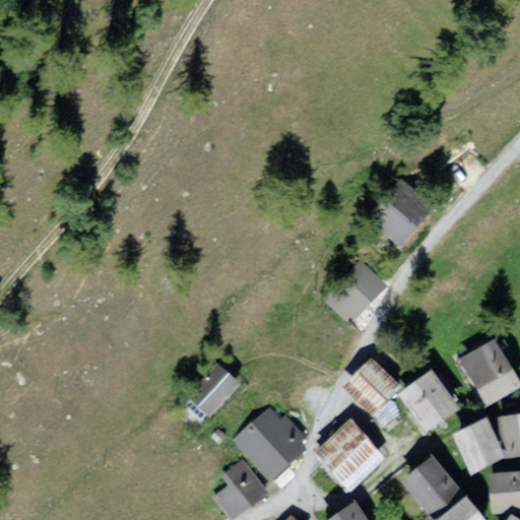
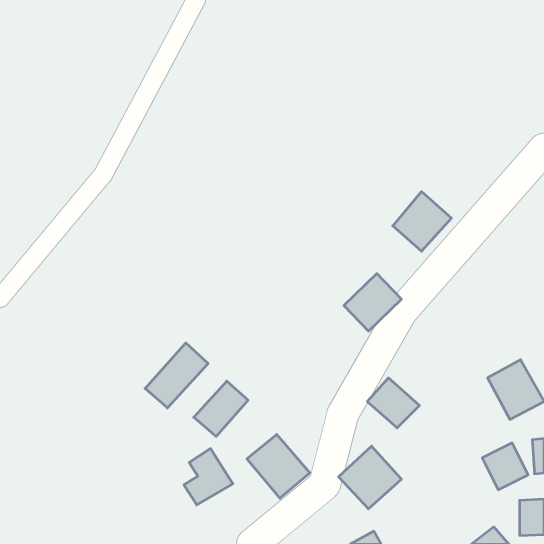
building: none -> [145,343,208,408]
building: [404,376,454,428] -> none
building: [217,459,264,513] -> [184,449,233,505]
building: [409,459,462,514] -> none

